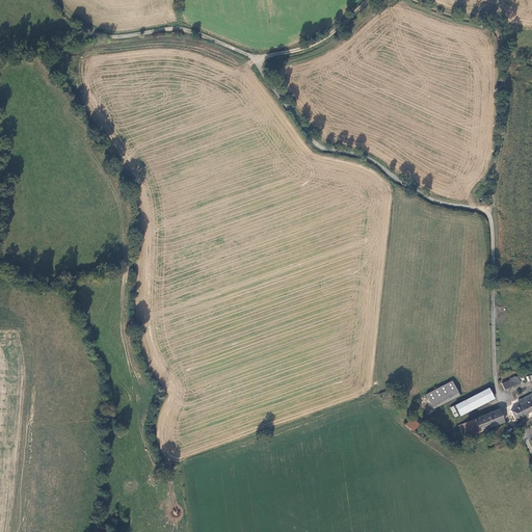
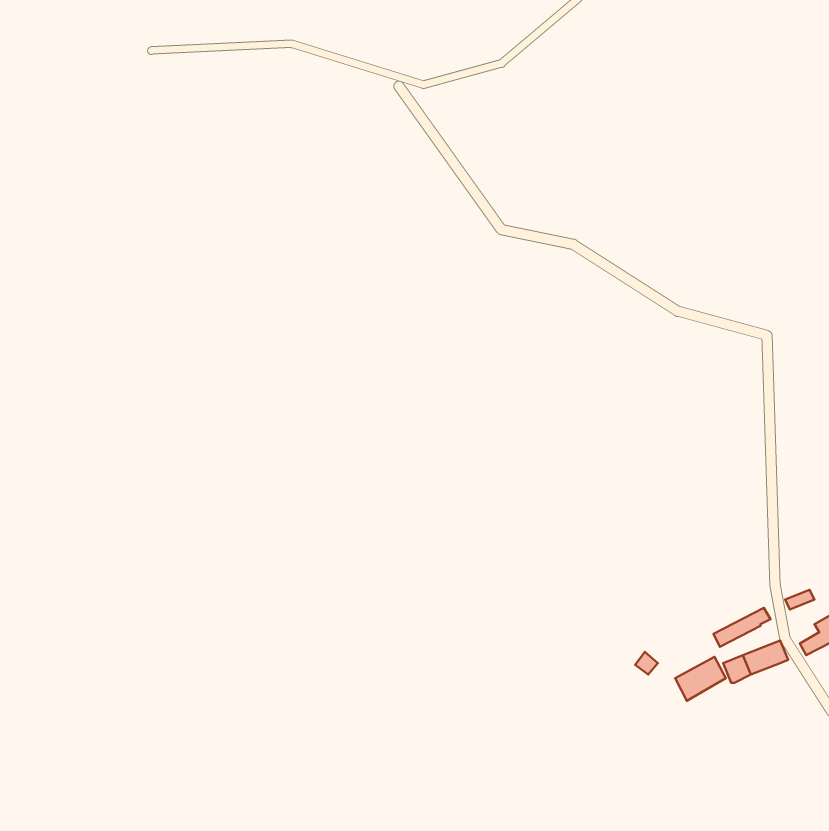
building: [428,380,460,408] -> [675,657,726,701]

